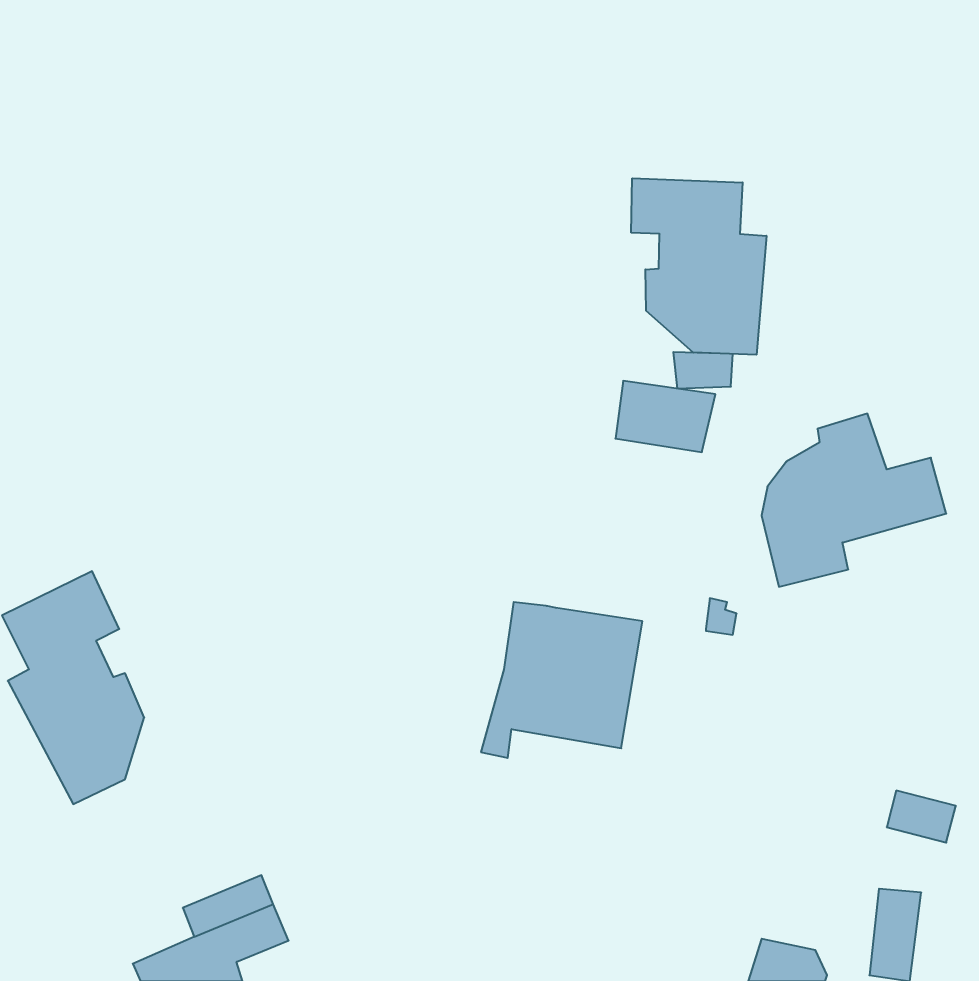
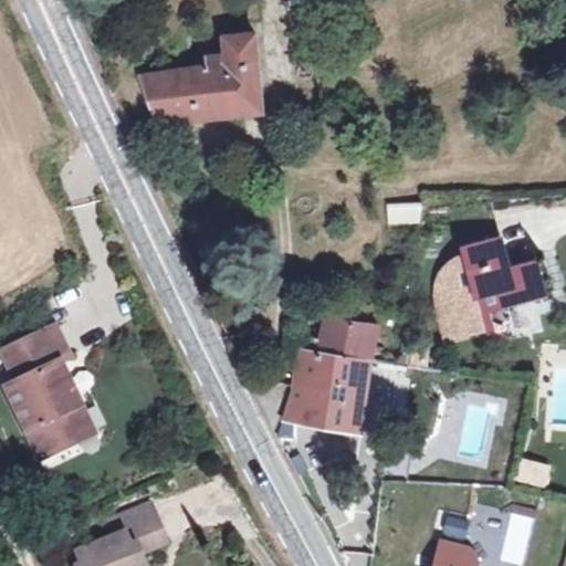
building: none -> [150,35,263,120]
building: [631,178,766,355] -> none
building: [615,381,715,452] -> [319,316,377,357]

